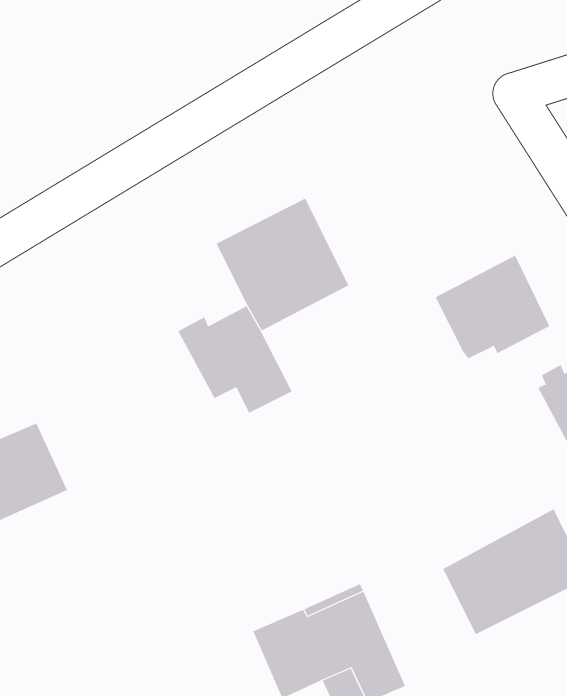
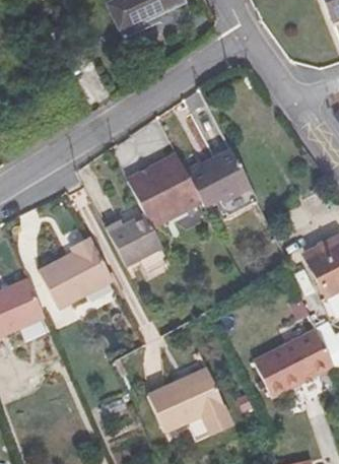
building: [435,255,550,359] -> [186,148,250,206]
building: none -> [39,236,113,308]

